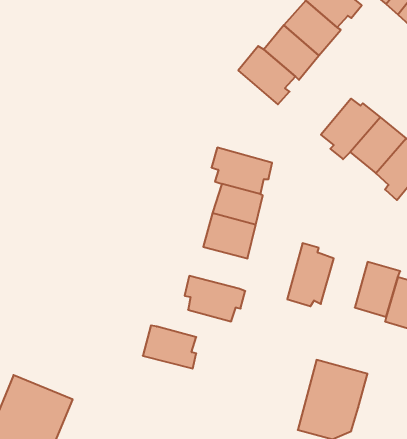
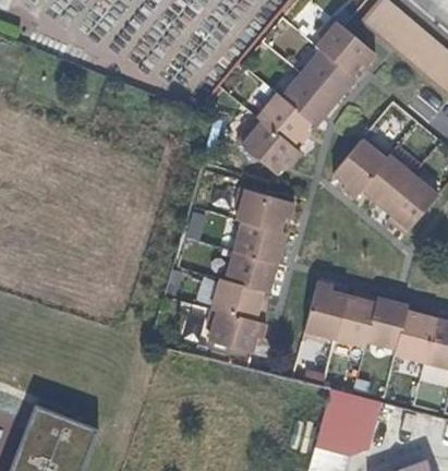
building: none -> [241,116,300,172]
building: none -> [336,289,379,341]
building: [143,325,196,369] -> [213,279,263,319]

